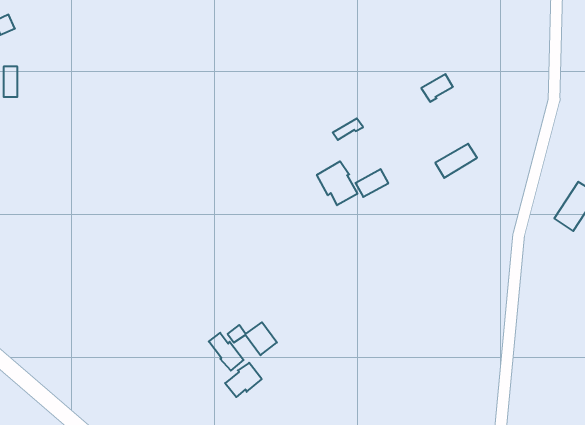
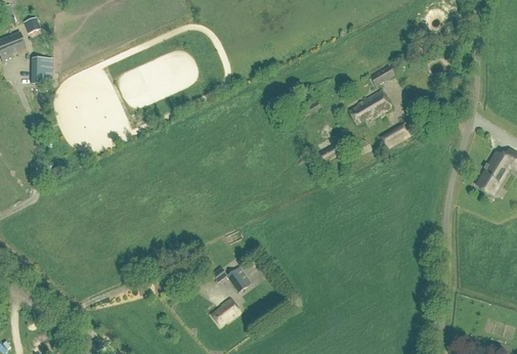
building: none -> [348,89,391,124]
building: [317,161,357,205] -> none
building: [209,333,244,371] -> none

